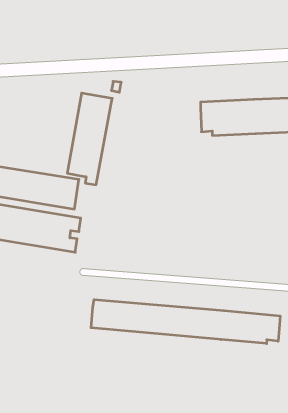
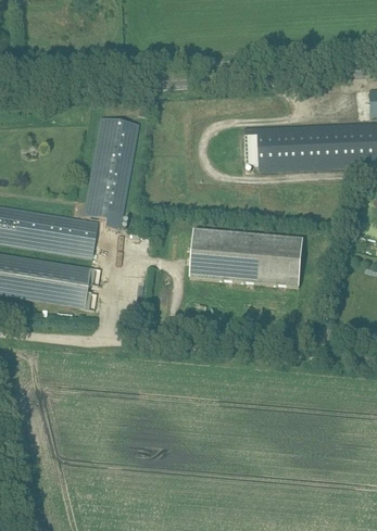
building: none -> [189,229,303,288]
building: [91,300,280,344] -> none

